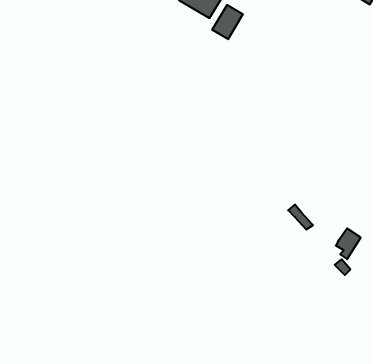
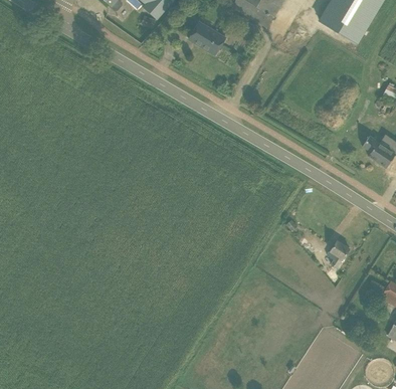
building: [212,5,243,39] -> none

